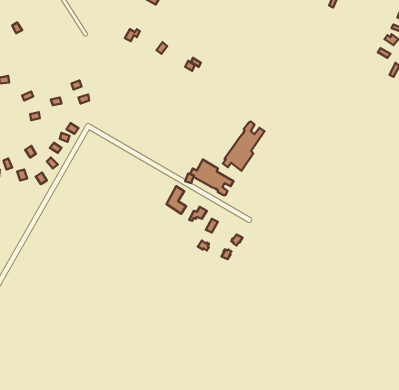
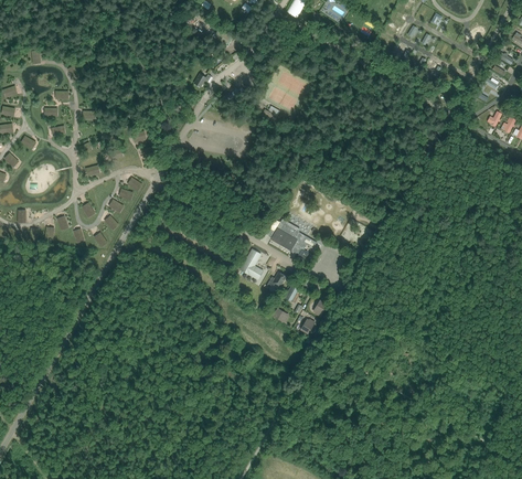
building: [223,121,264,171] -> none

